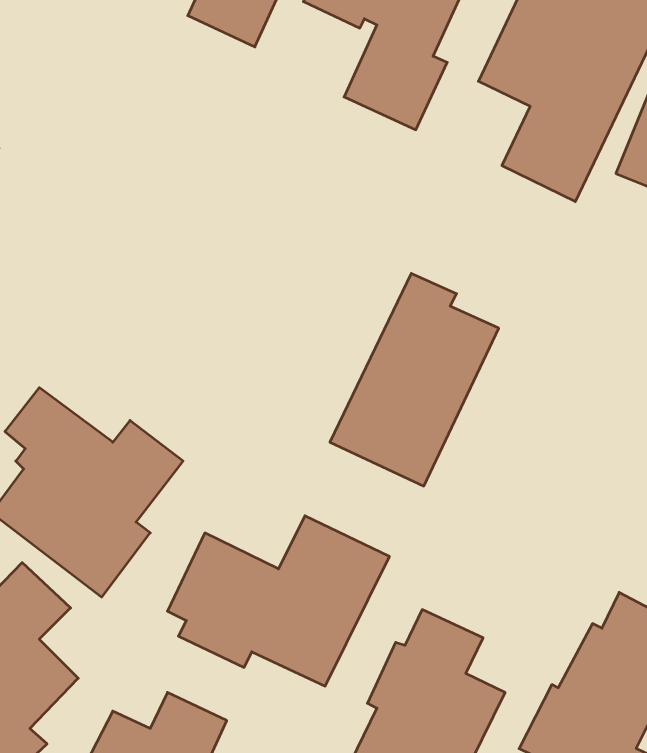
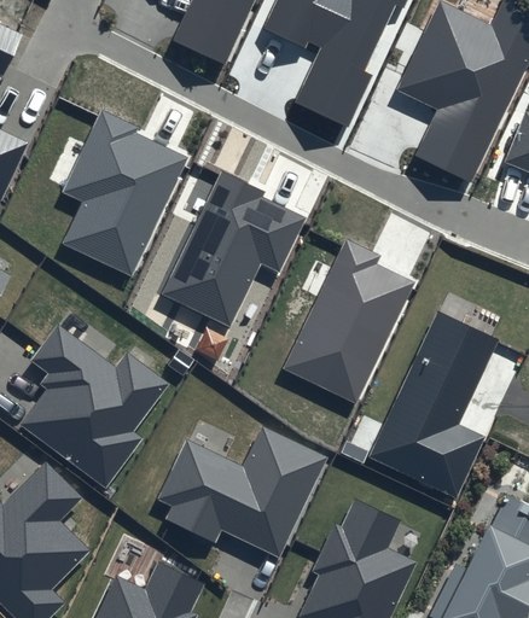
building: none -> [63,110,188,276]
building: none -> [162,170,307,327]
building: none -> [368,311,499,500]

